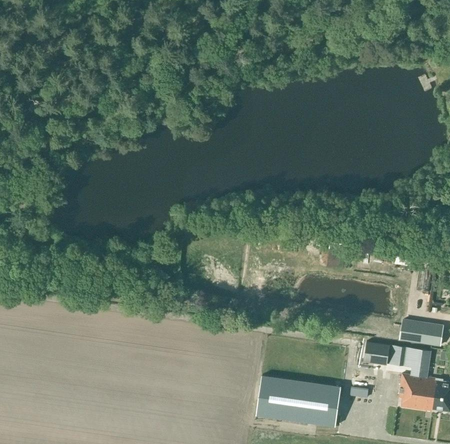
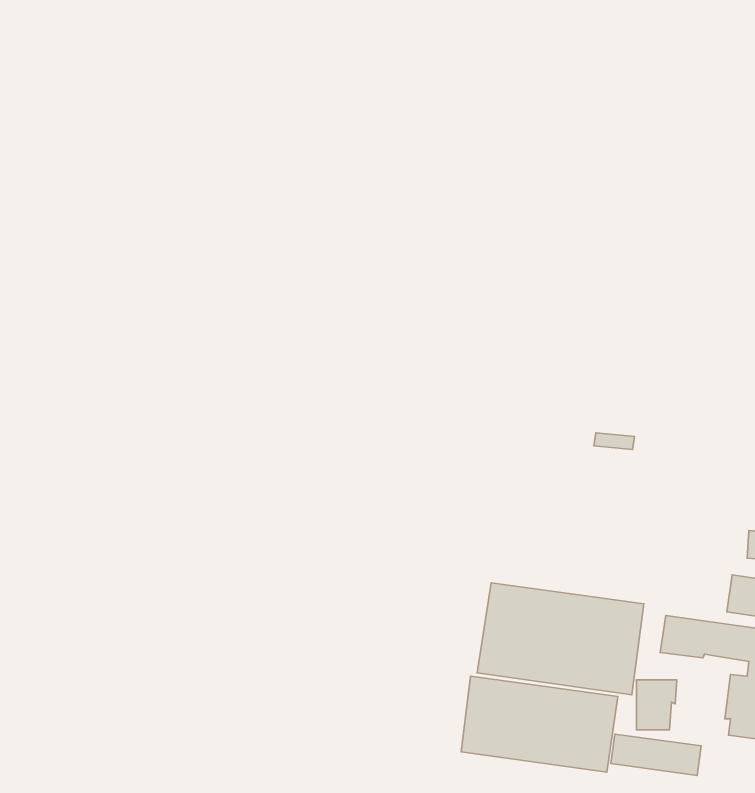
building: none -> [477,583,644,695]
building: none -> [611,734,701,775]

